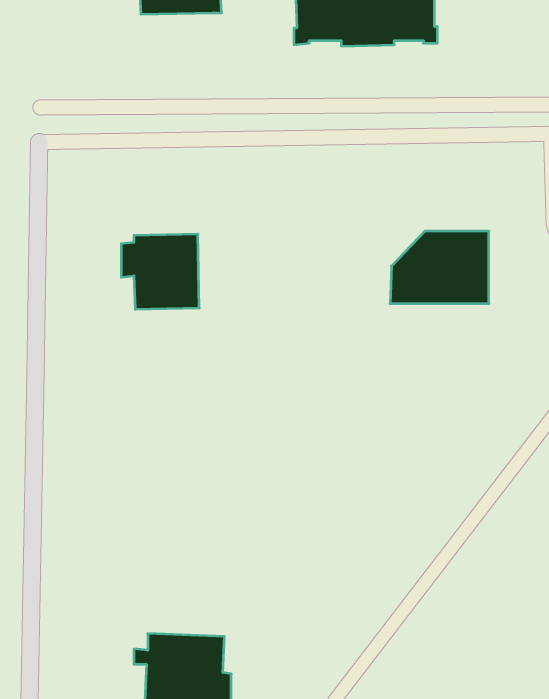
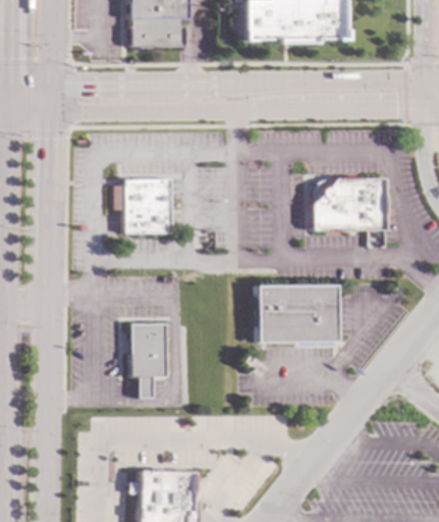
building: none -> [131,16,188,47]
building: none -> [259,284,337,342]
building: none -> [129,323,166,399]

